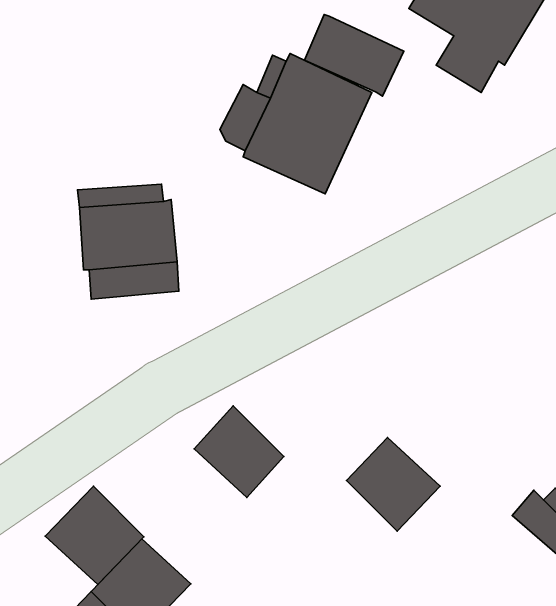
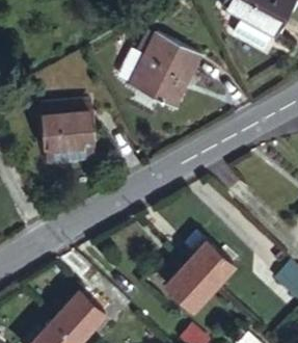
building: [304,14,404,96] -> none
building: [194,406,284,497] -> [165,262,213,311]
building: [45,486,144,585] -> none

